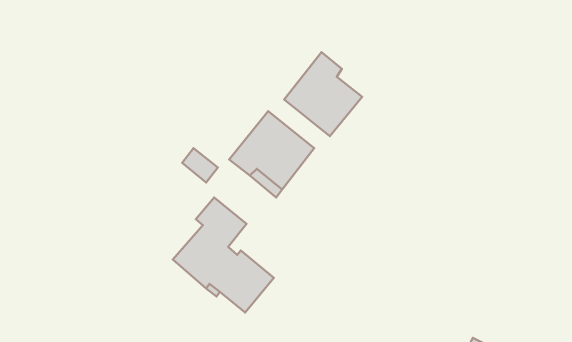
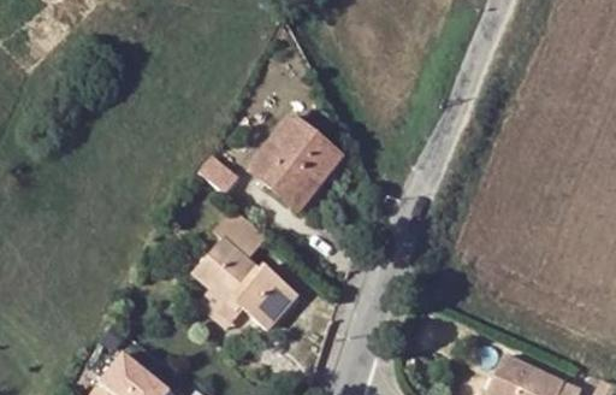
building: [284,52,362,136] -> none

